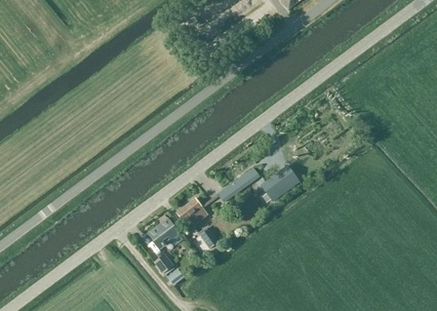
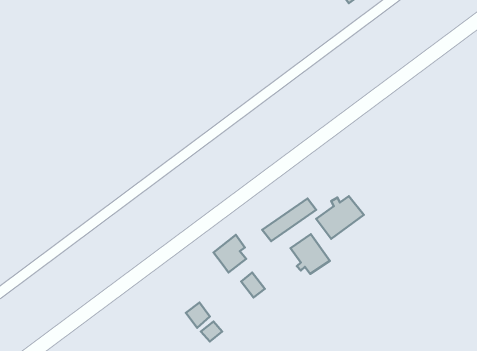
building: none -> [290,234,330,274]
building: [149,219,180,248] -> none

